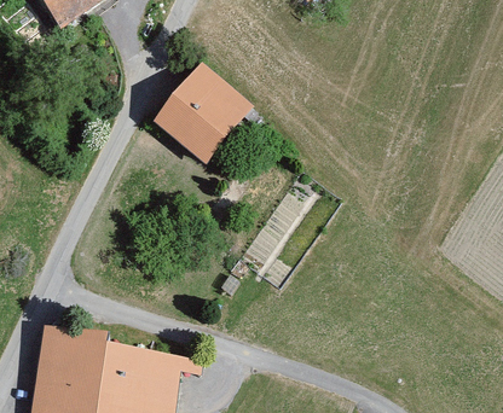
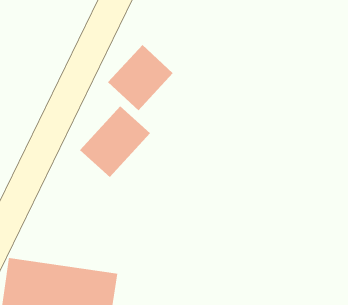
building: none -> [79,106,151,178]

